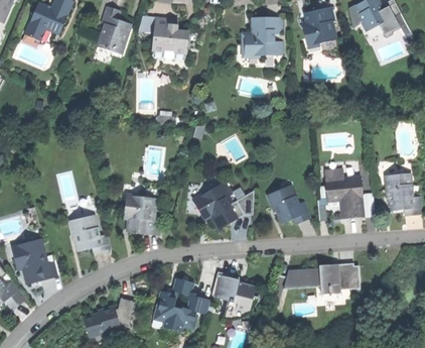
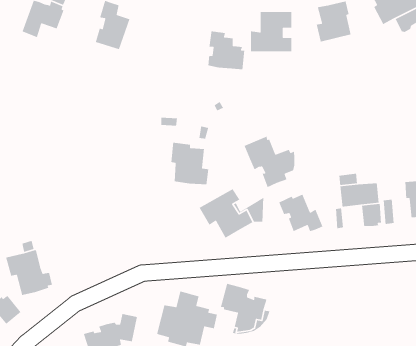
building: [152,17,187,54] -> [207,30,245,70]
building: none -> [244,136,295,188]
building: [125,195,161,235] -> [170,142,209,185]
building: [69,216,111,253] -> none
building: [283,263,360,296] -> none

